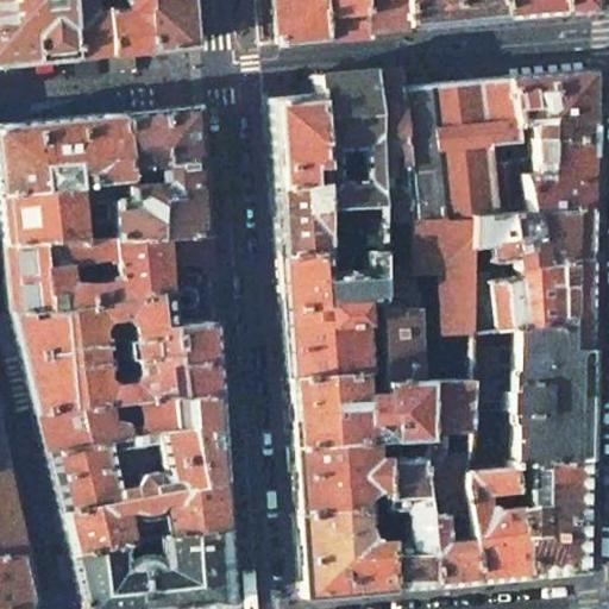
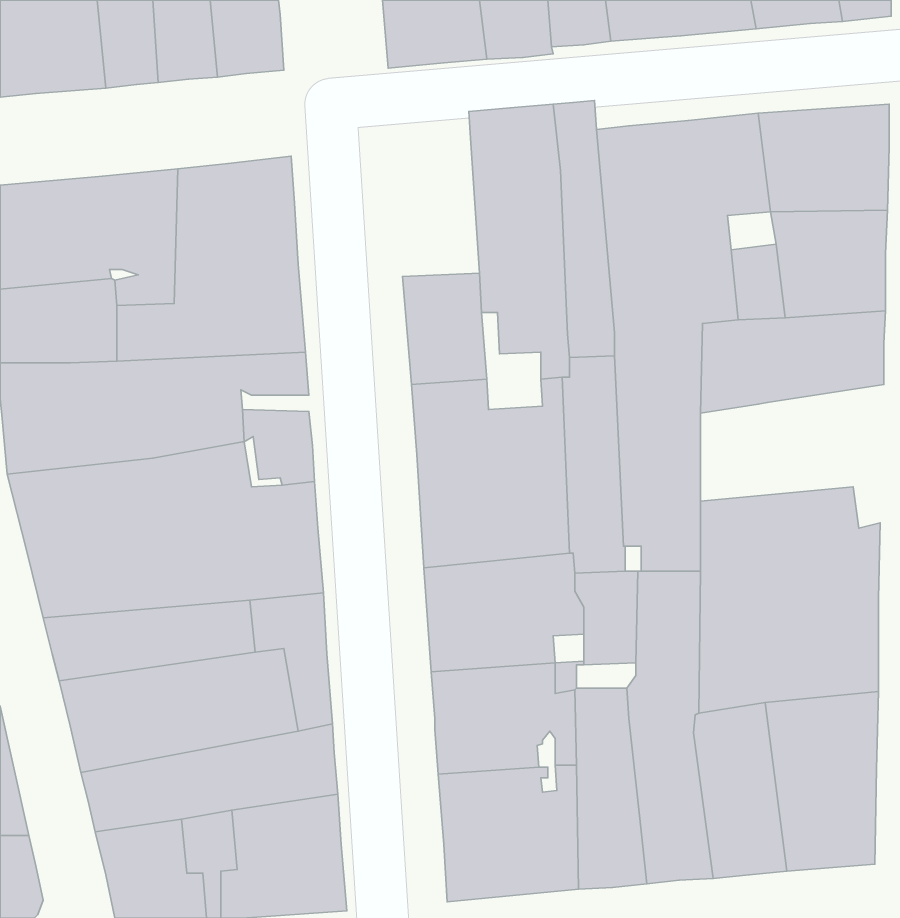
building: [272,92,329,183] -> none
building: [476,255,597,350] -> none

